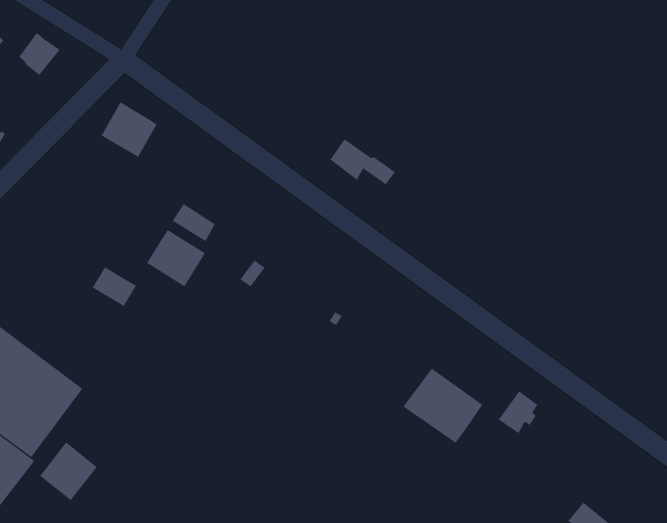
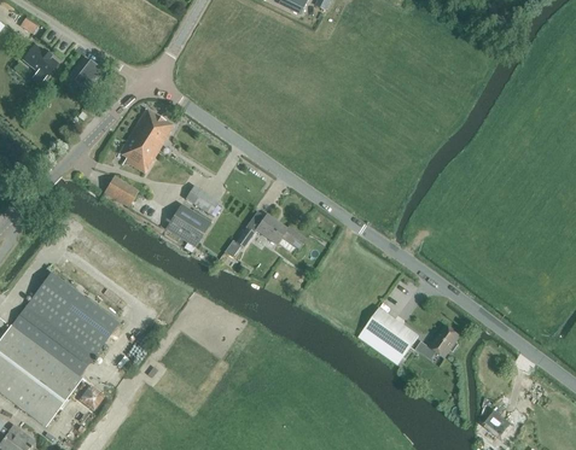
building: none -> [120,134,158,174]
building: [330,138,396,185] -> [256,214,306,249]
building: [92,266,137,307] -> [104,176,138,206]
building: [40,441,97,502] -> none

